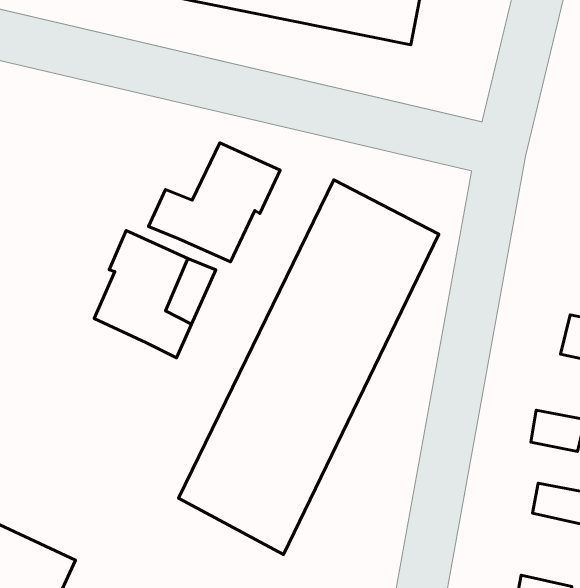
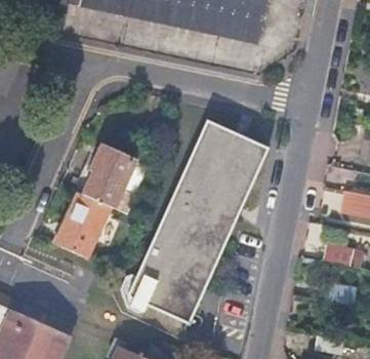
building: [148,143,280,262] -> none
building: none -> [54,191,112,257]

